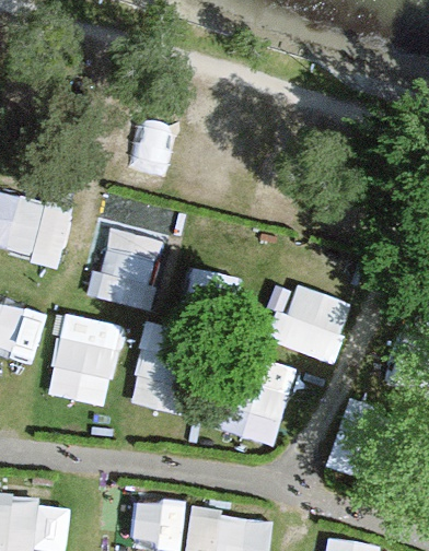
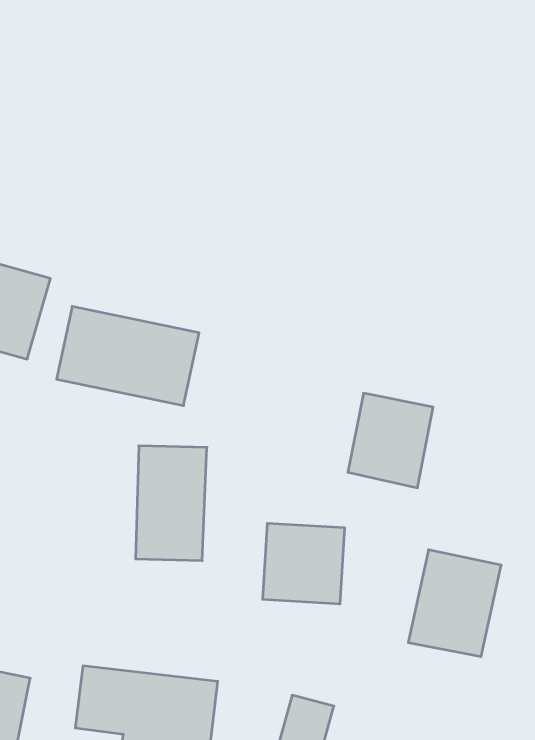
building: [45,316,121,409] -> none

